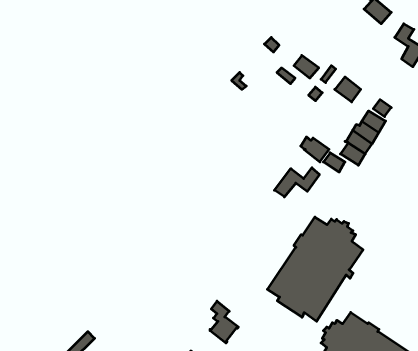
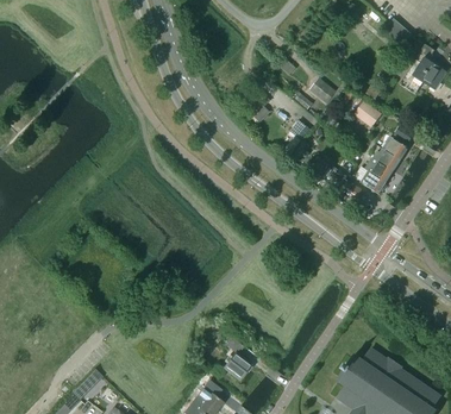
building: [274,168,319,197] -> none
building: [267,217,363,321] -> none

